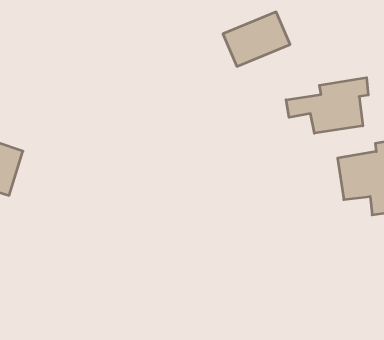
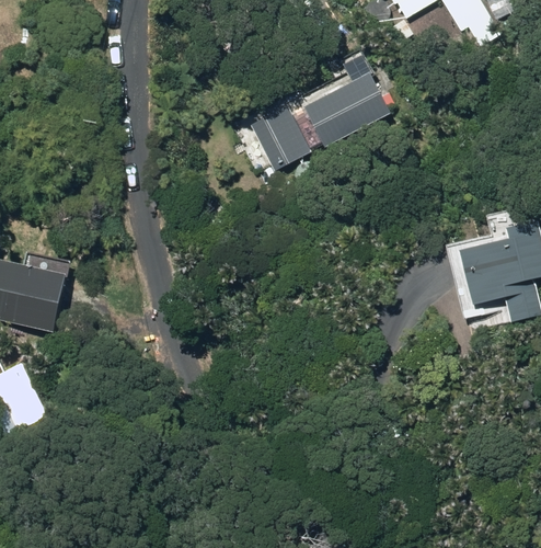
building: none -> [248,100,310,169]
building: [286,78,368,133] -> none

